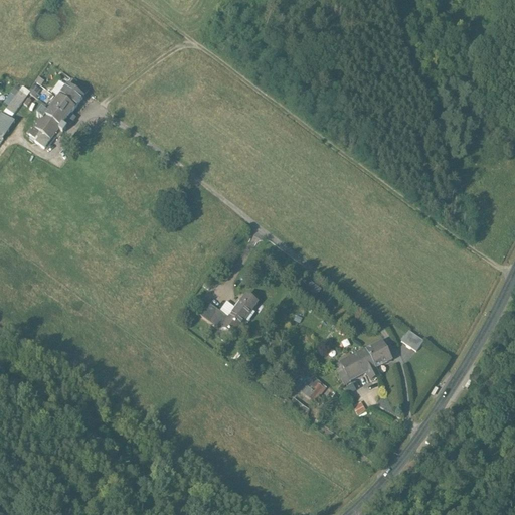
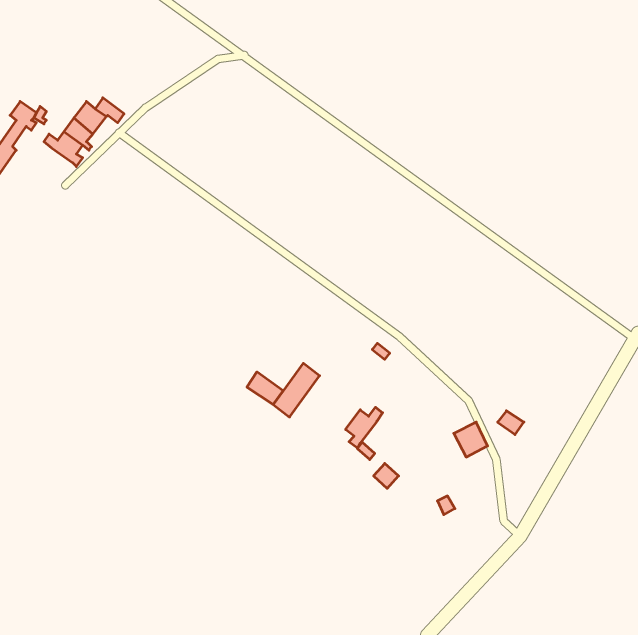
building: [25,119,58,149] -> none
building: none -> [346,407,383,448]
building: [338,348,377,380] -> none

